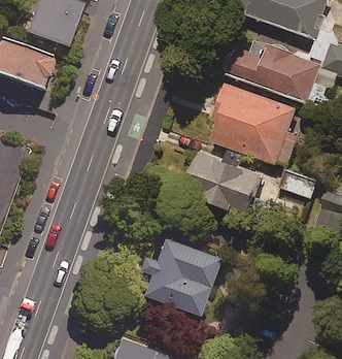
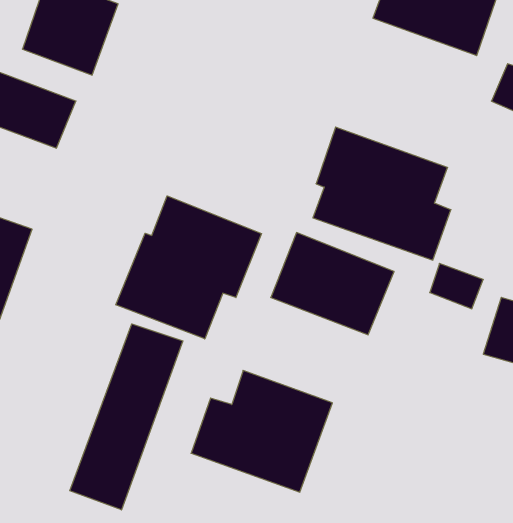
building: [227,34,320,101] -> none
building: none -> [116,196,261,339]
building: none -> [70,324,183,510]

